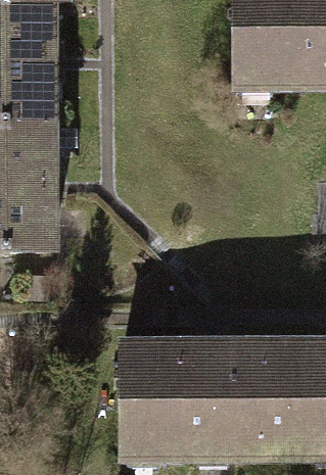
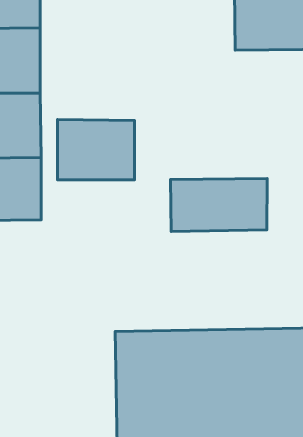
building: none -> [58,120,135,180]
building: none -> [170,179,267,231]

